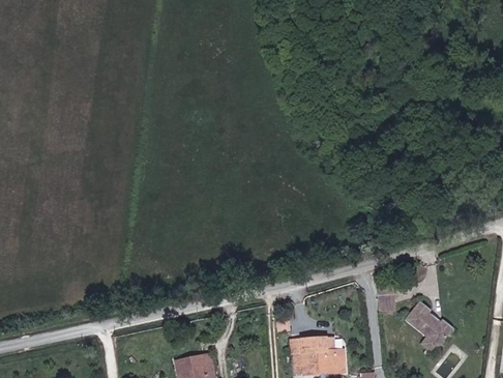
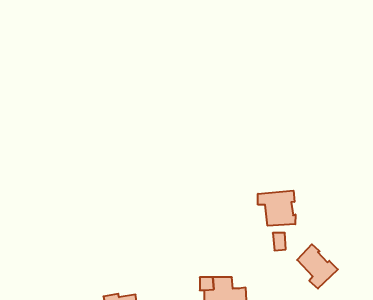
building: none -> [258,191,295,226]

